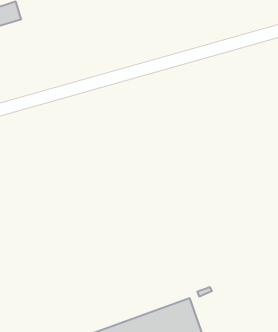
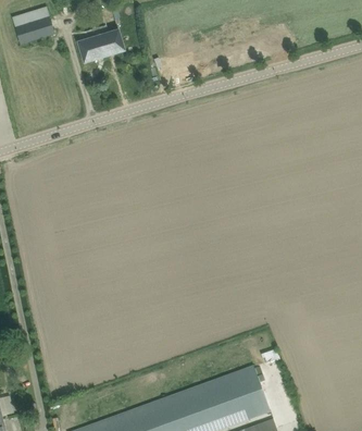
building: none -> [76,26,123,60]

